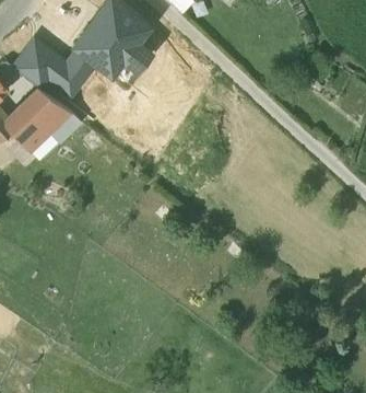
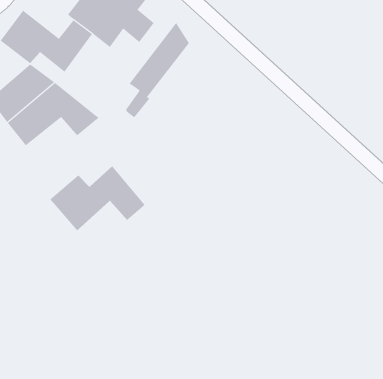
building: none -> [126,22,189,118]
building: none -> [50,166,145,231]

